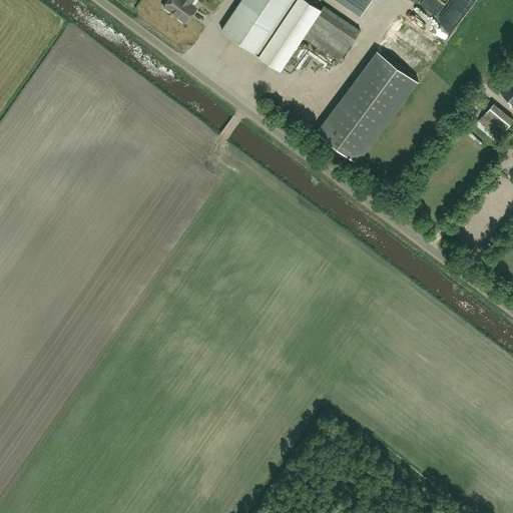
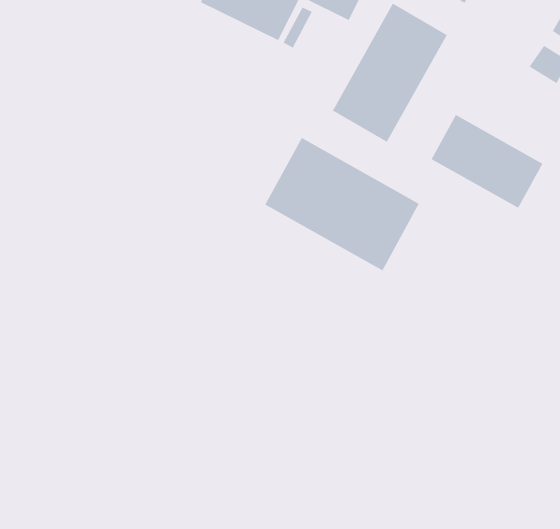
building: none -> [431,114,544,209]
building: none -> [264,137,420,271]

